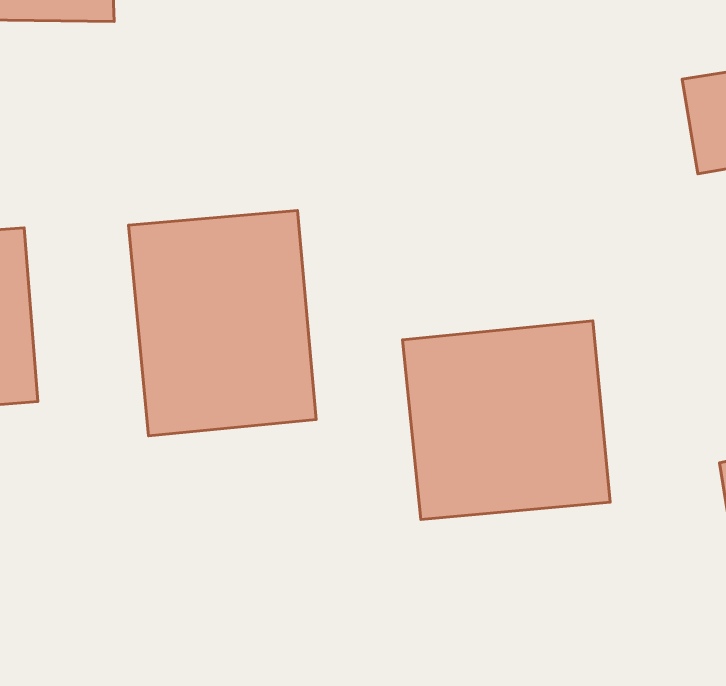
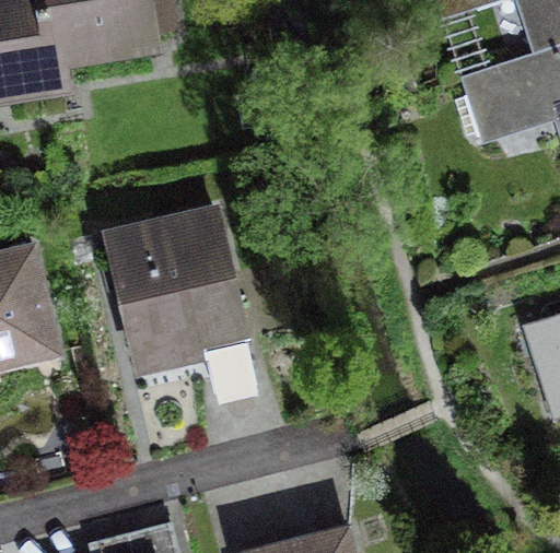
building: [403,321,610,520] -> none

